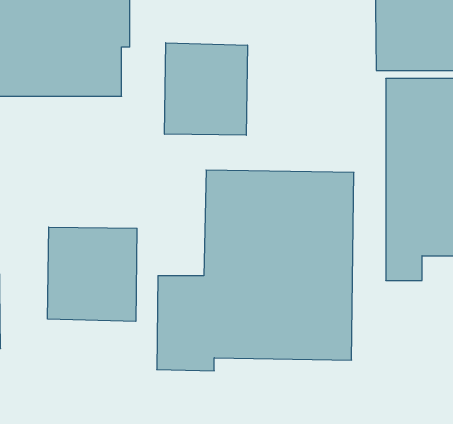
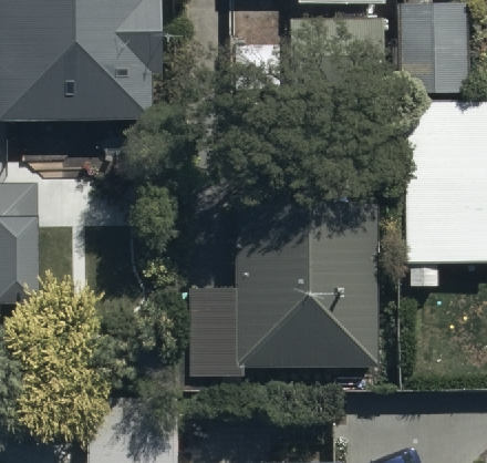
building: [165,43,247,135] -> none
building: [48,227,137,321] -> none

